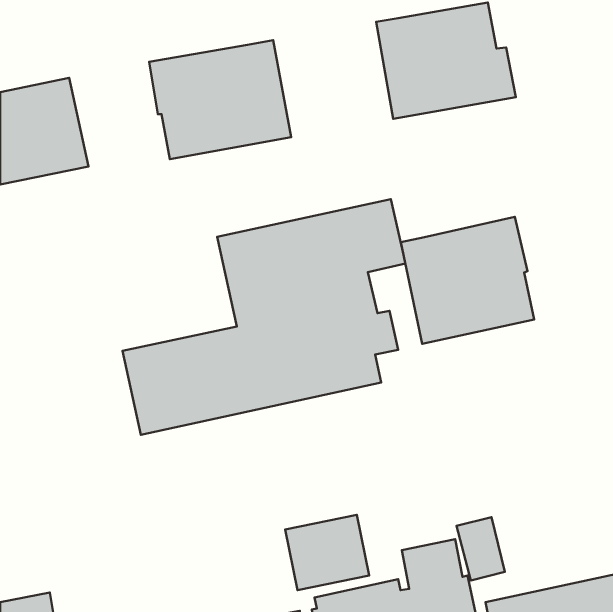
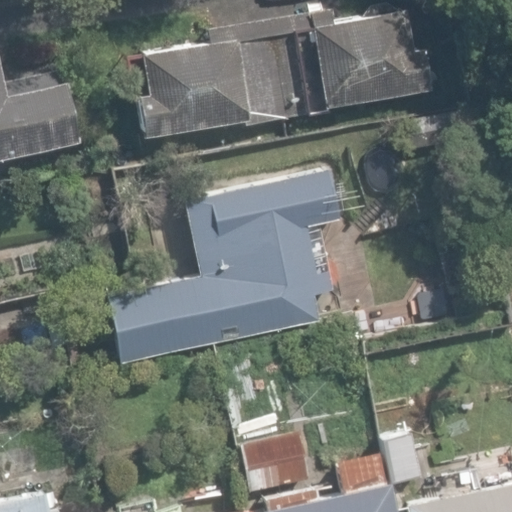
building: none -> [208,11,334,120]
building: [401,217,534,344] -> none

